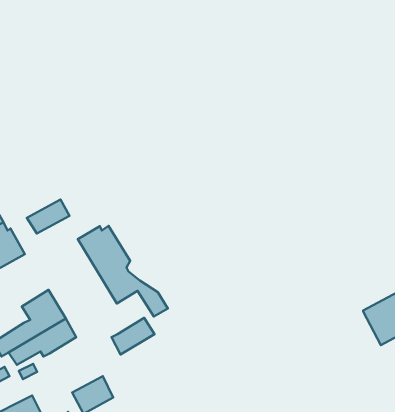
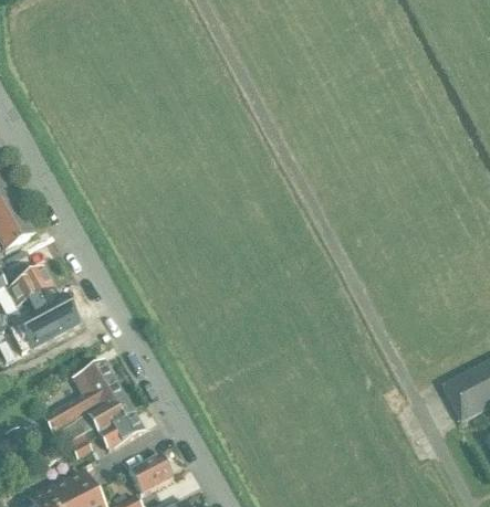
building: [27,200,70,234] -> none
building: [78,226,168,317] -> none
building: [111,318,154,355] -> [97,411,144,451]

